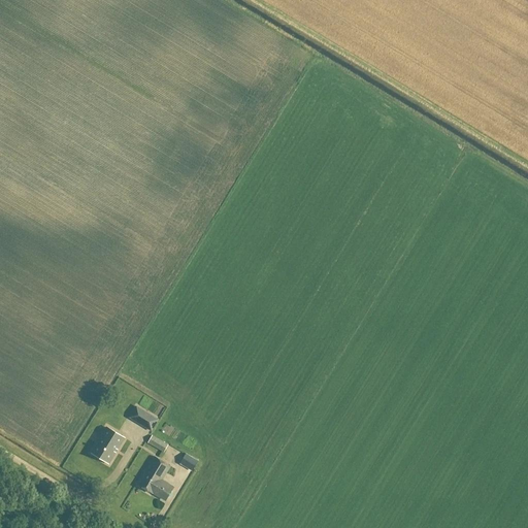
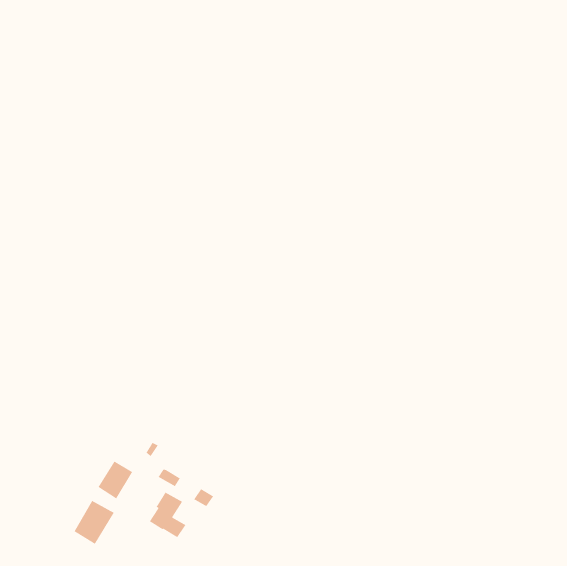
building: none -> [74,500,115,545]

